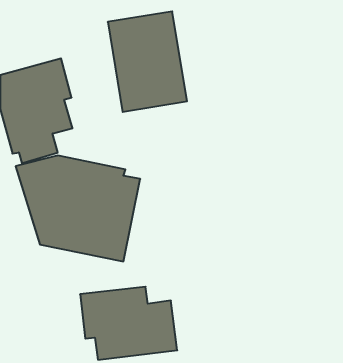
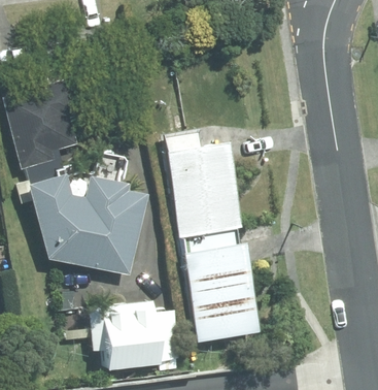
building: [108,11,187,112] -> [165,140,242,238]
building: none -> [181,240,260,342]

